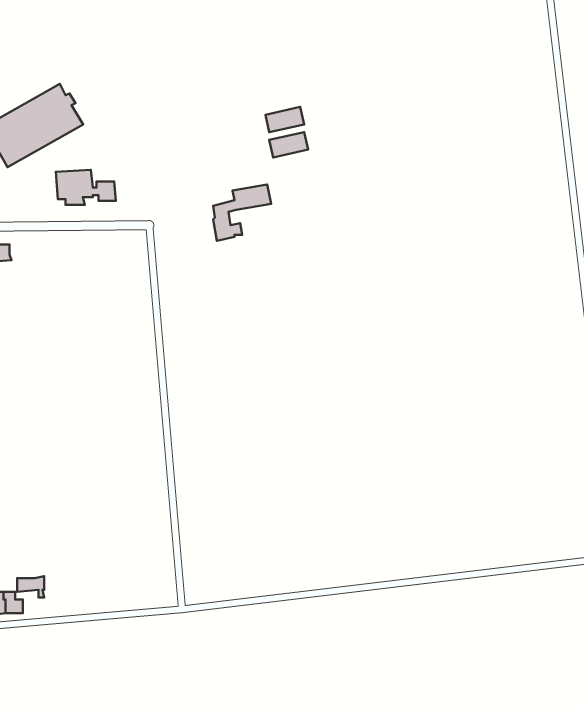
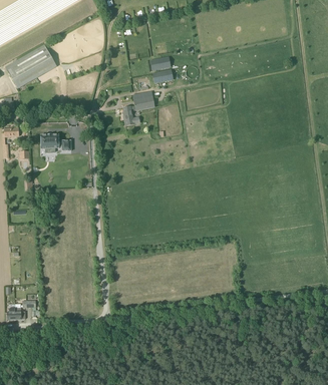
building: [56,170,116,205] -> [42,134,73,152]

